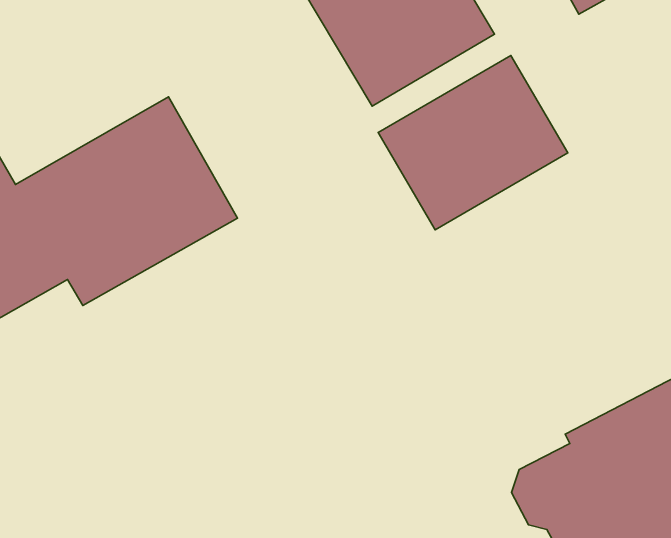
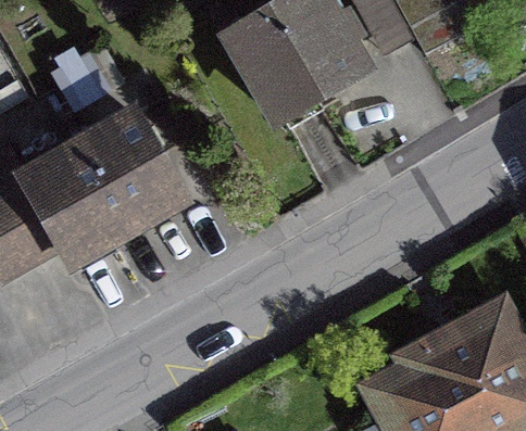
building: [378,55,568,230] -> none

